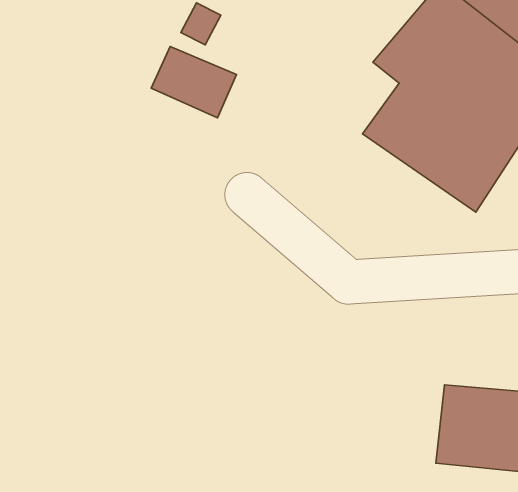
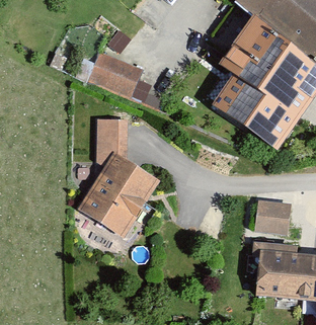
building: none -> [77,120,156,233]
building: none -> [256,199,292,232]

